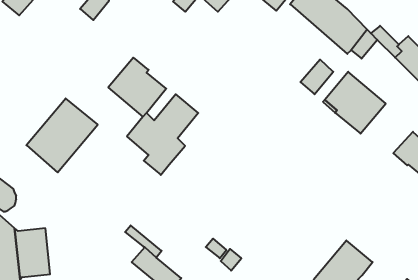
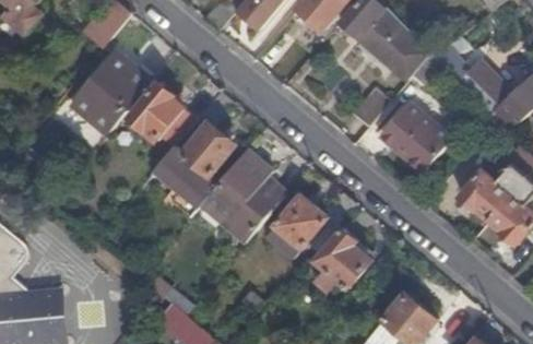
building: [26,98,98,172] -> [66,51,149,138]
building: none -> [198,150,283,244]
building: none -> [264,193,354,260]
building: none -> [312,230,369,292]

